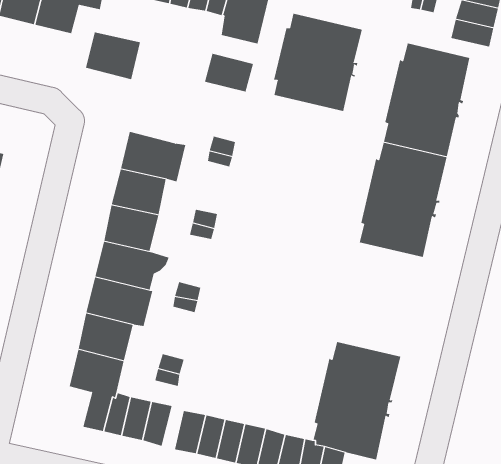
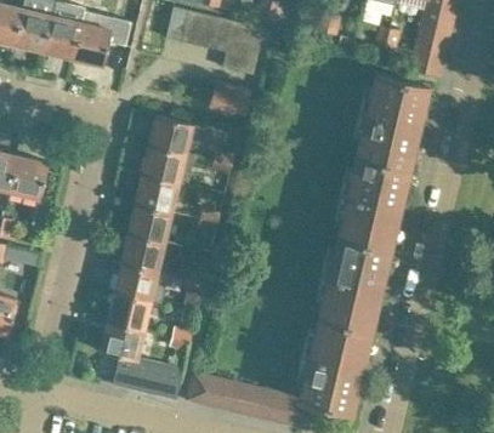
building: [274,13,362,112] -> none
building: [85,32,141,80] -> [149,116,194,155]
building: none -> [317,235,387,327]

